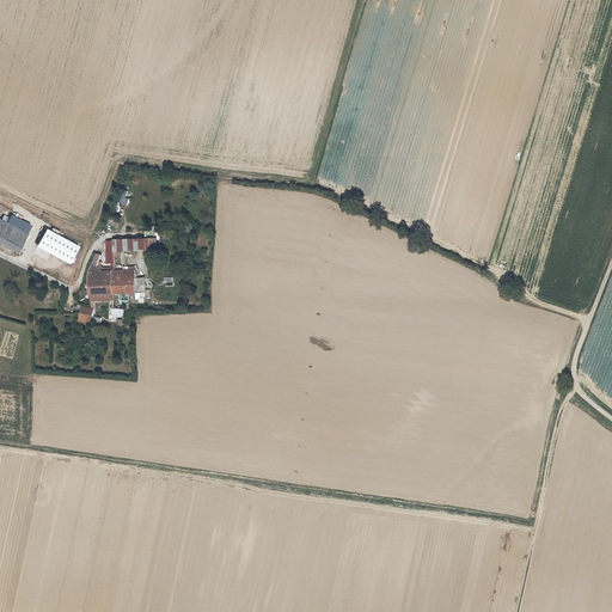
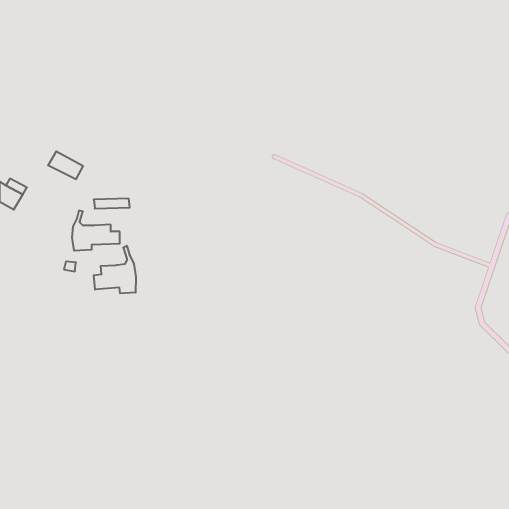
building: [37,228,79,262] -> [48,151,83,179]
building: none -> [94,246,136,293]

